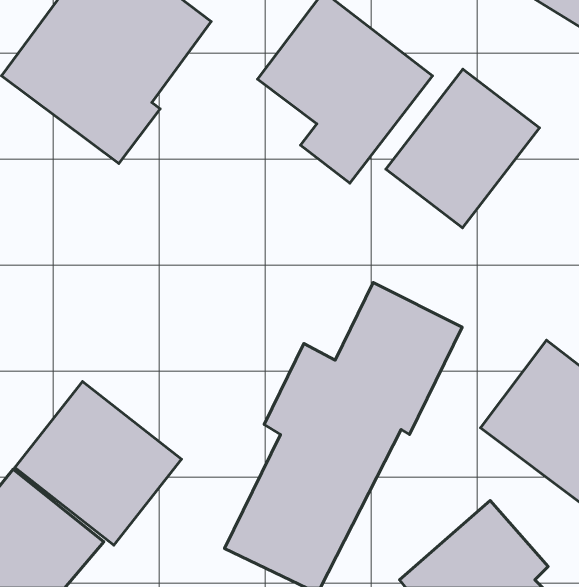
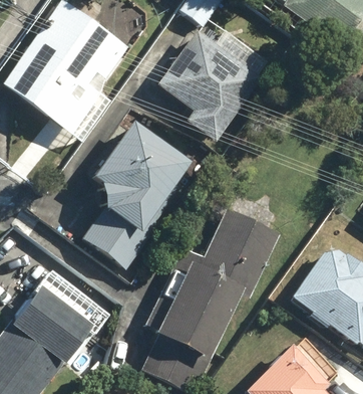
building: [386,69,539,228] -> none
building: none -> [79,119,194,269]

